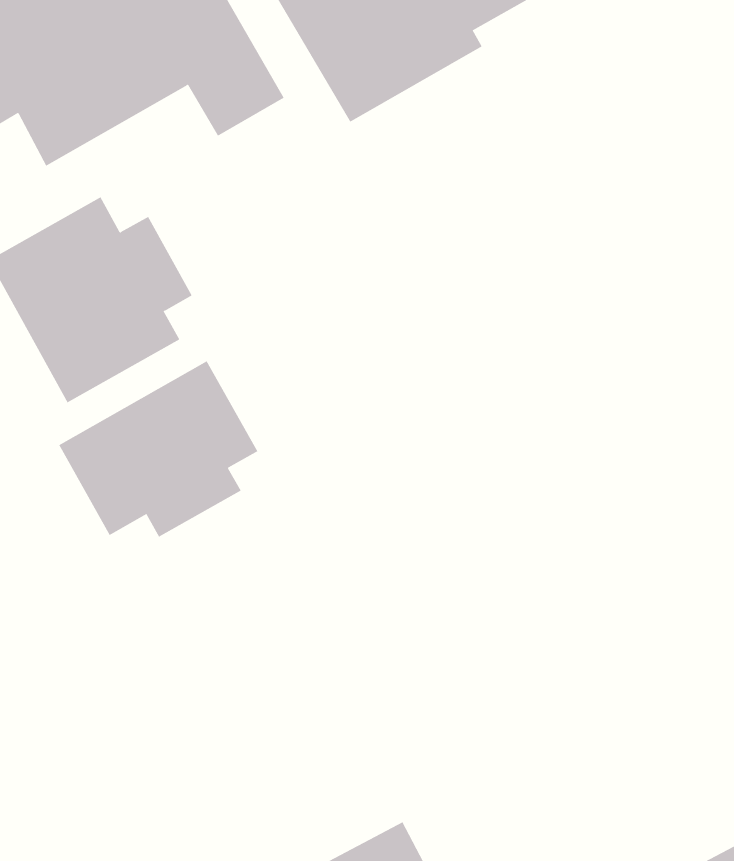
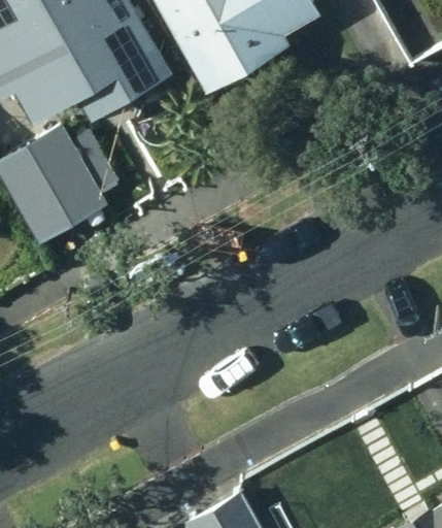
building: [58,360,258,538] -> none

